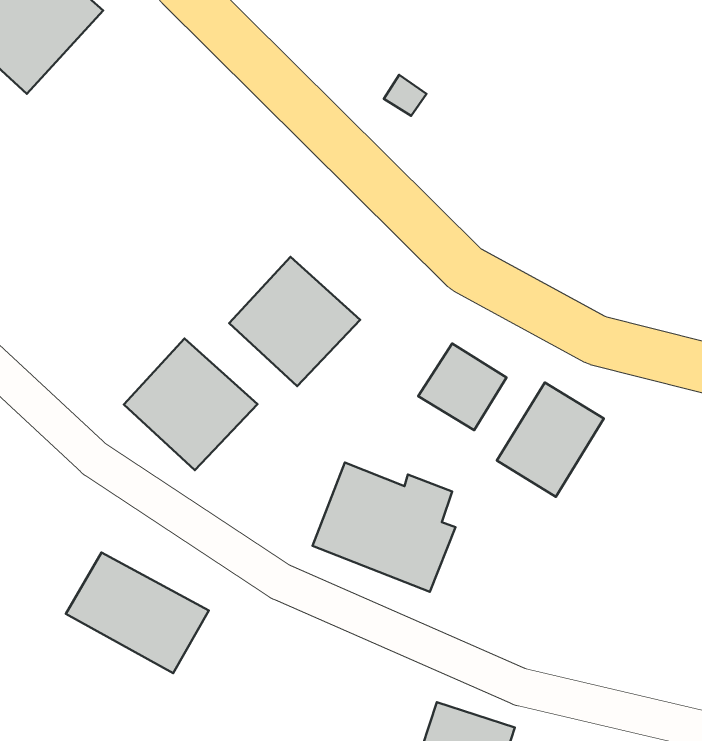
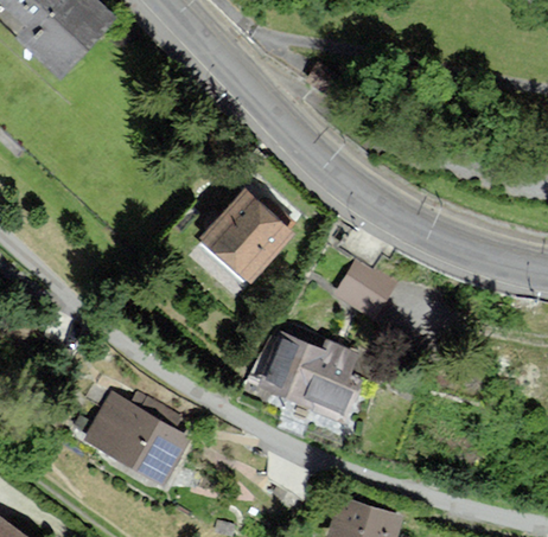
building: [124,339,257,470] -> none
building: [497,382,604,497] -> none

